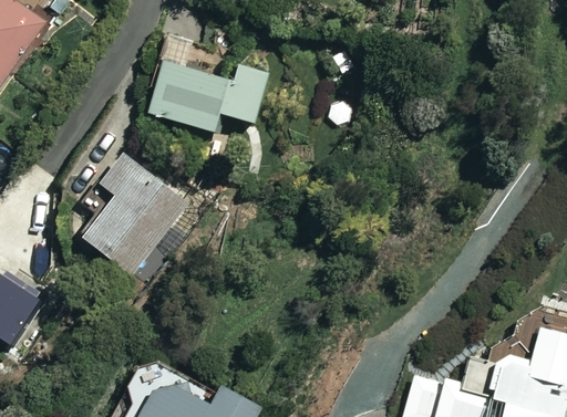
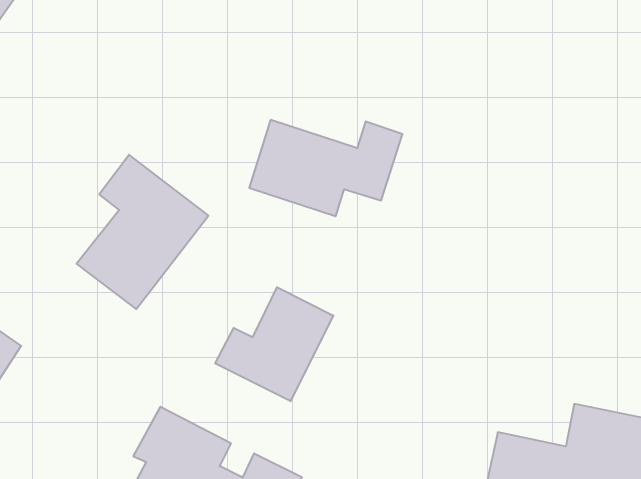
building: [150,61,269,136] -> [249,120,402,216]
building: none -> [215,287,333,401]

